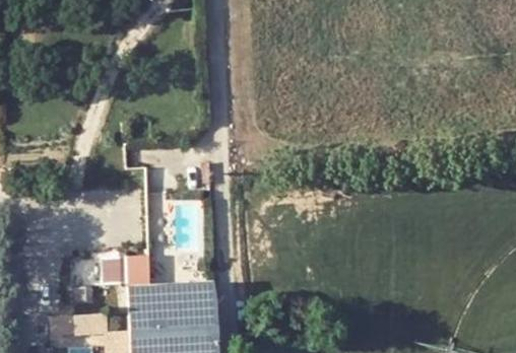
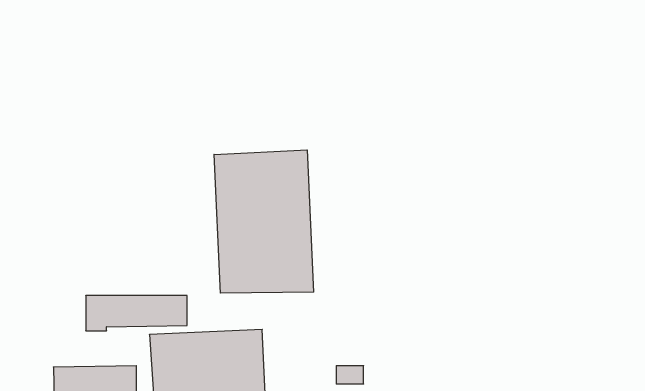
building: none -> [214,150,314,293]

